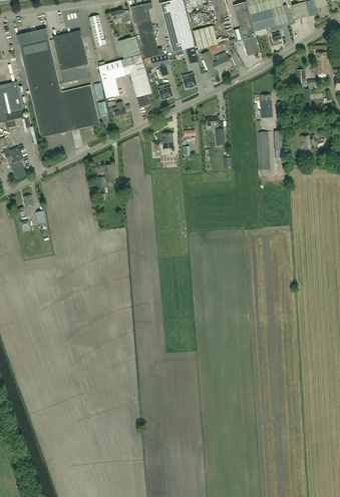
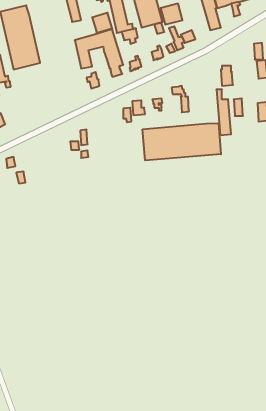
building: [52,30,90,82] -> none
building: [31,84,99,138] -> none
building: none -> [143,123,221,160]

